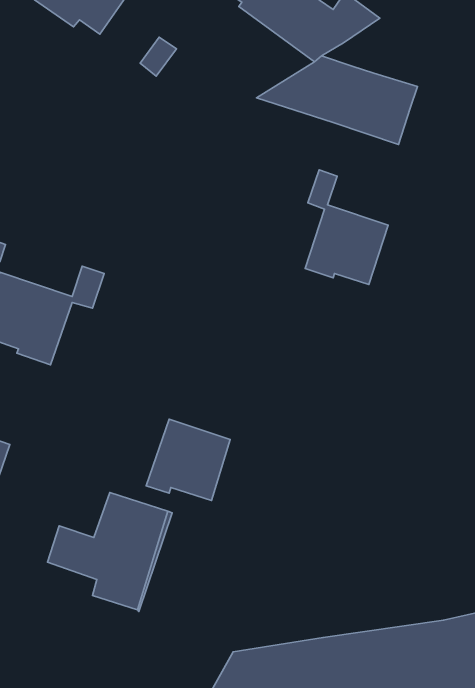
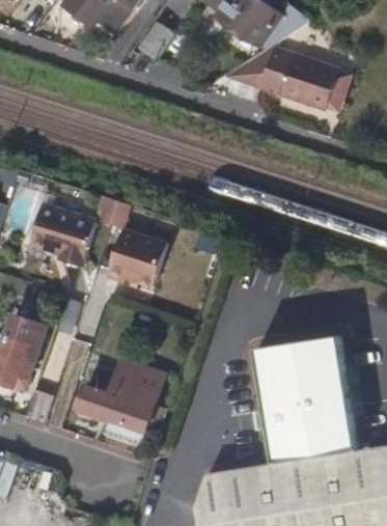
building: [305,170,388,284] -> none
building: [146,419,230,500] -> [105,229,165,287]
building: none -> [255,333,358,463]

